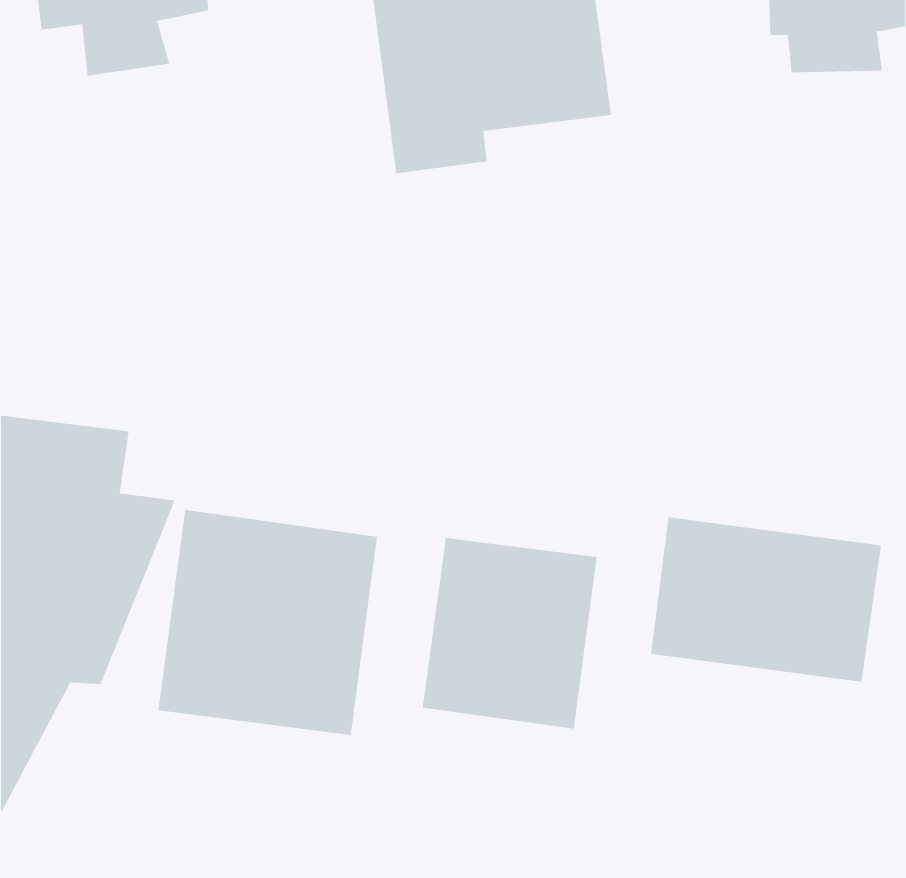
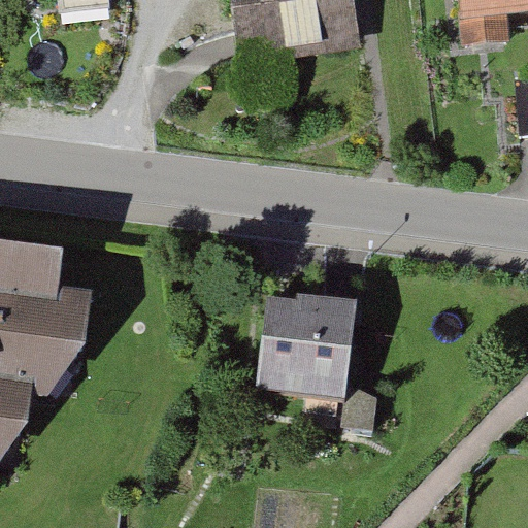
building: [158,509,378,736] -> none
building: [651,516,881,682] -> none

